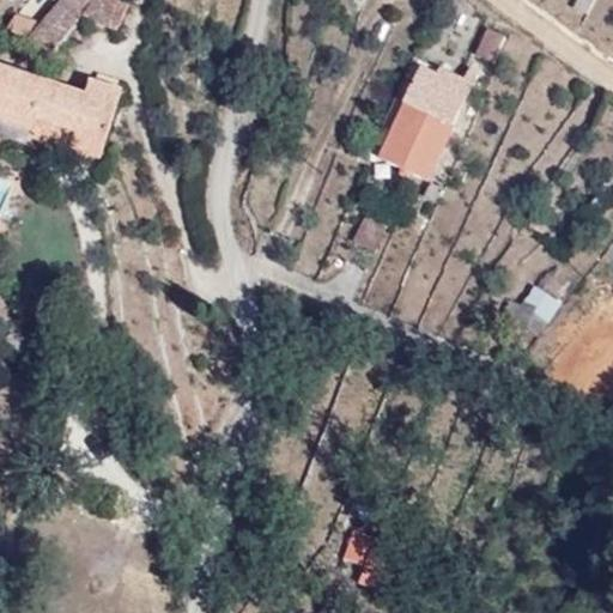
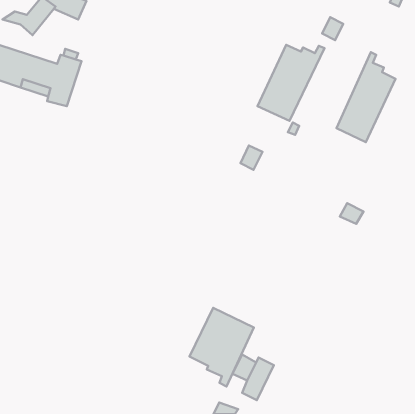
building: none -> [337,52,396,142]
building: none -> [190,308,254,386]

